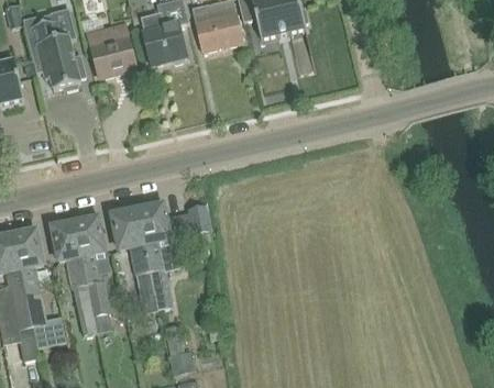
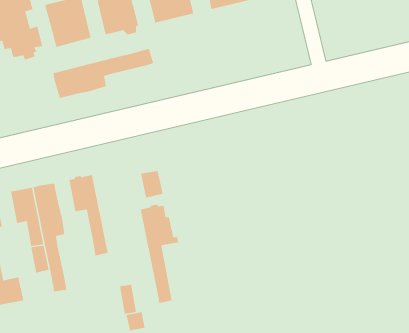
building: none -> [52,48,154,99]
building: [138,203,178,308] -> [140,204,179,304]

